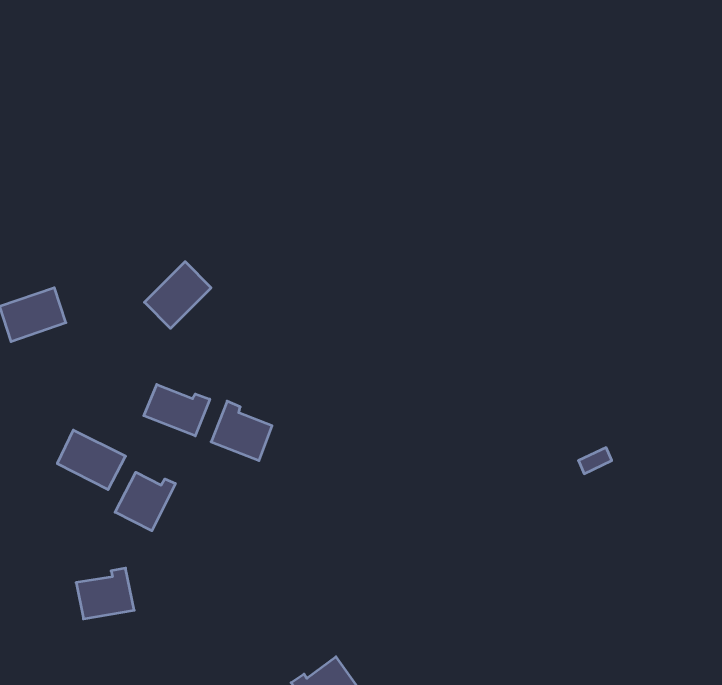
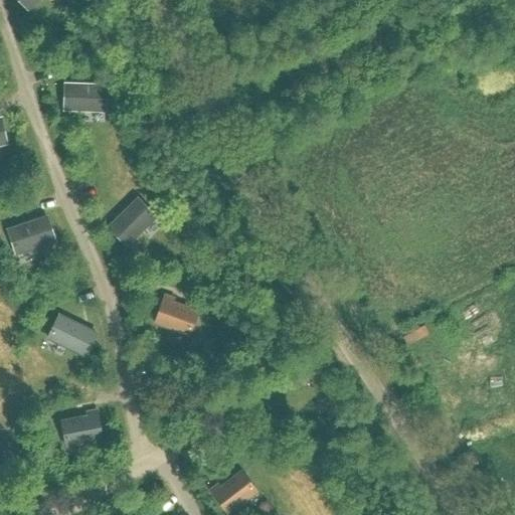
building: none -> [64,84,105,111]
building: [144,384,210,436] -> none
building: [115,472,175,531] -> none

